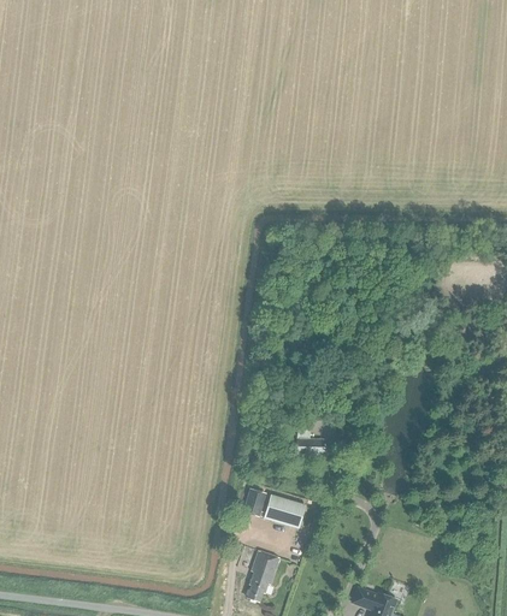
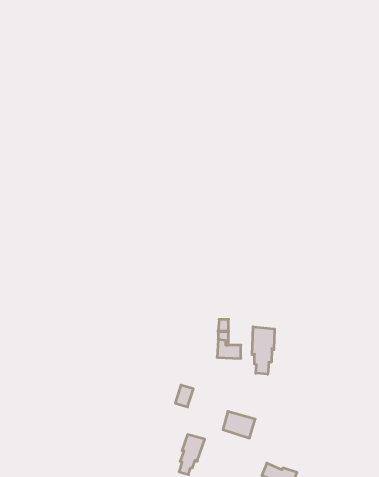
building: none -> [252,327,275,374]
building: [264,494,305,528] -> [223,411,255,438]

